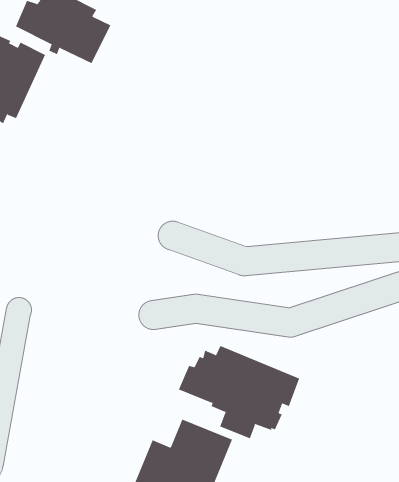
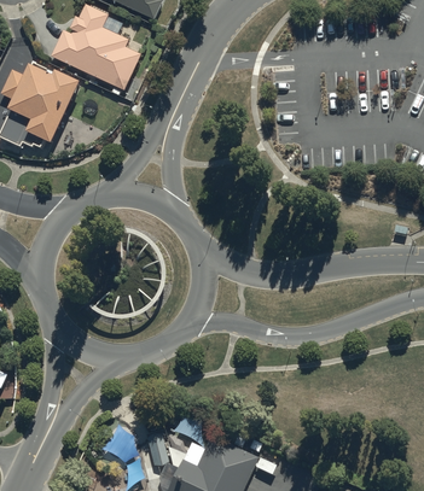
building: [178,345,300,439] -> none

